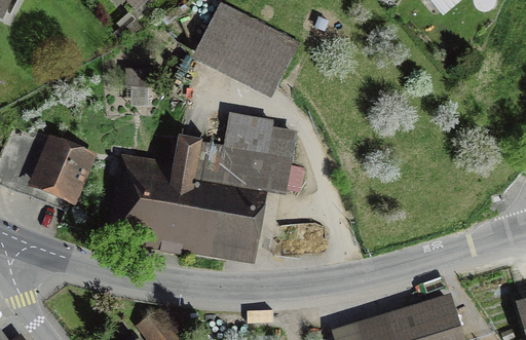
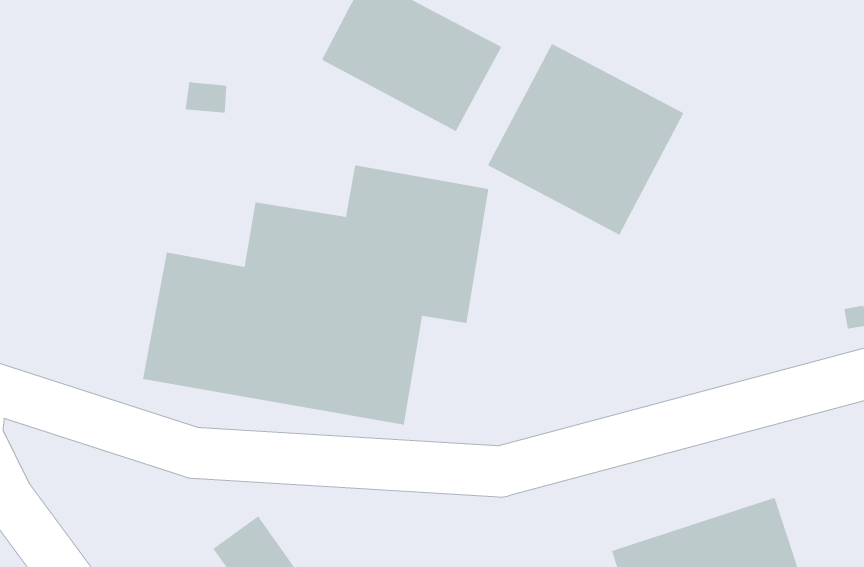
building: none -> [487,43,684,235]
building: [32,136,96,203] -> none

